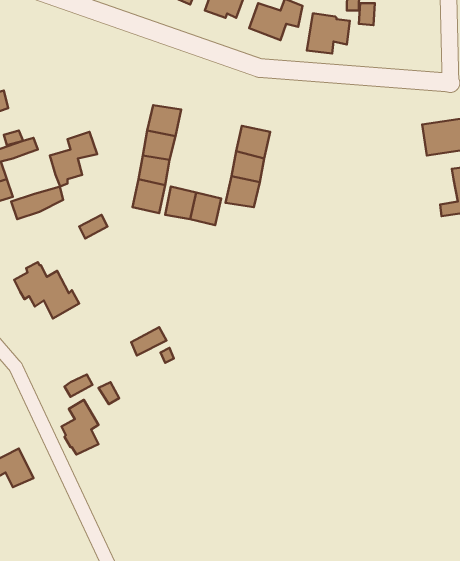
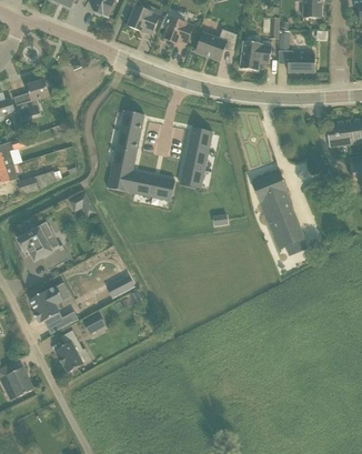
building: none -> [286,53,314,72]
building: [50,132,97,187] -> [13,79,49,120]
building: none -> [251,170,303,248]
building: none -> [29,286,63,322]

